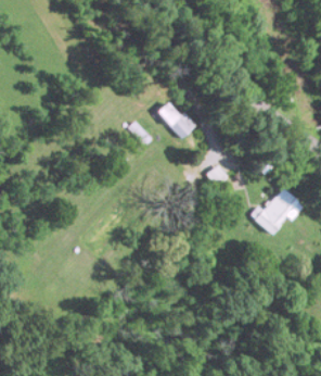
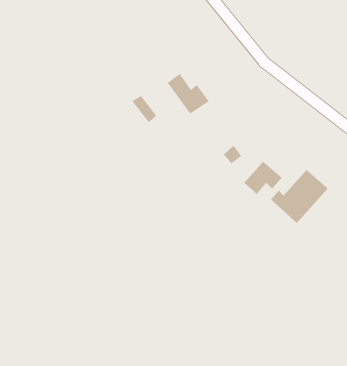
building: none -> [243,161,283,195]

